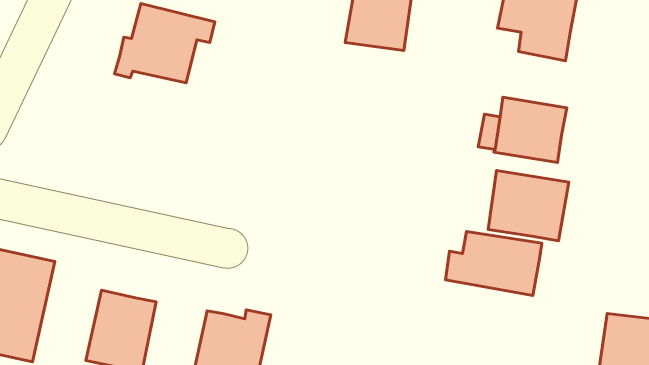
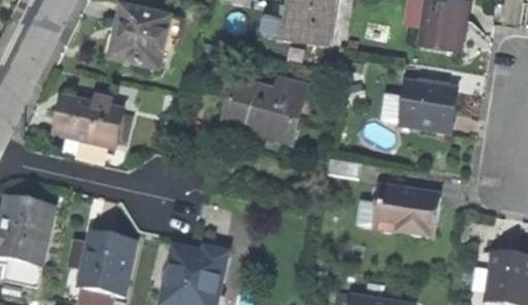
building: none -> [222,76,303,139]
building: none -> [55,90,122,142]
building: [488,171,569,241] -> none

